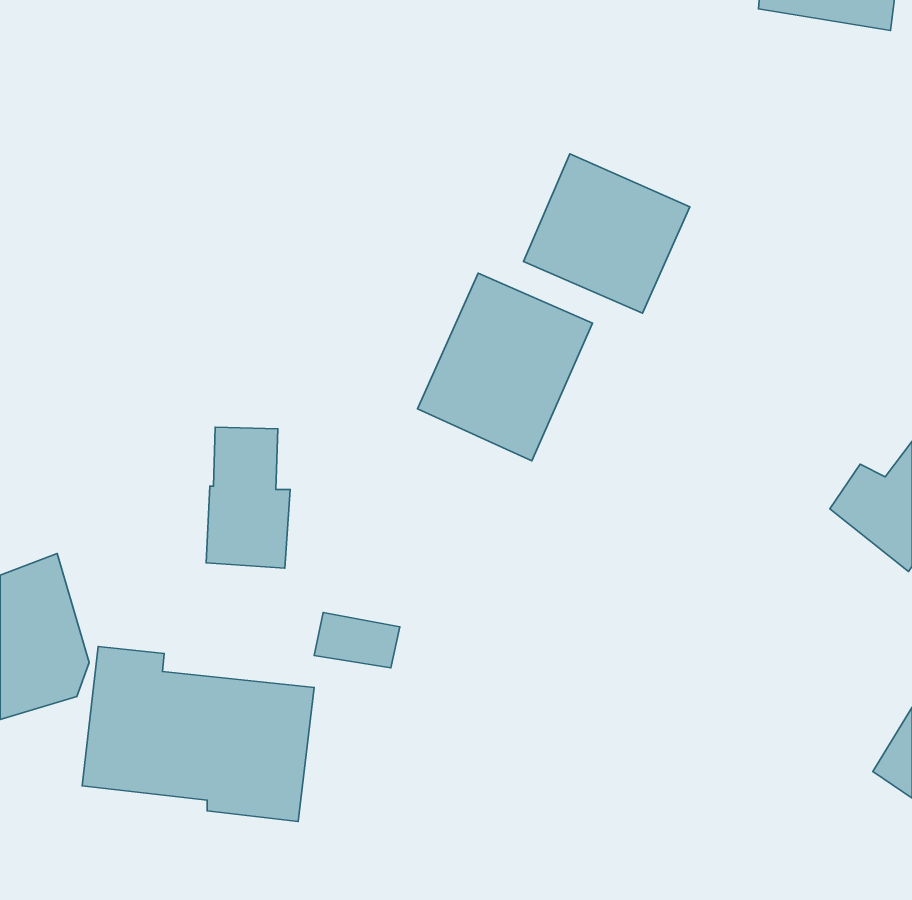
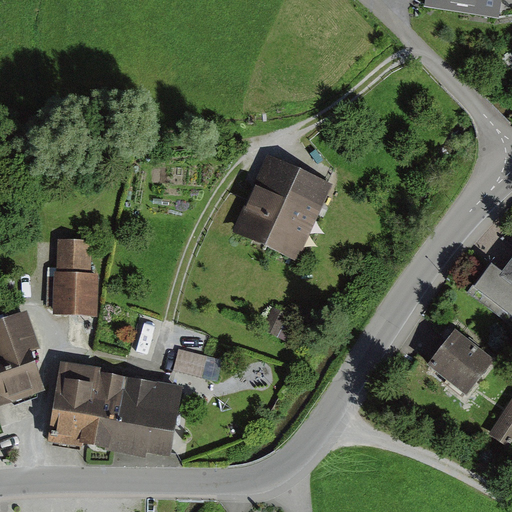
building: [524,154,690,313] -> none
building: [206,427,290,568] -> [53,236,100,315]
building: none -> [428,328,495,395]

